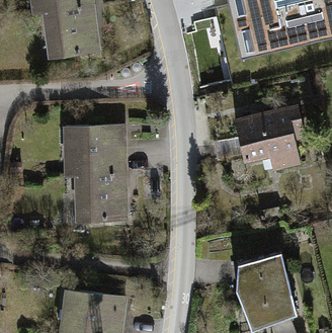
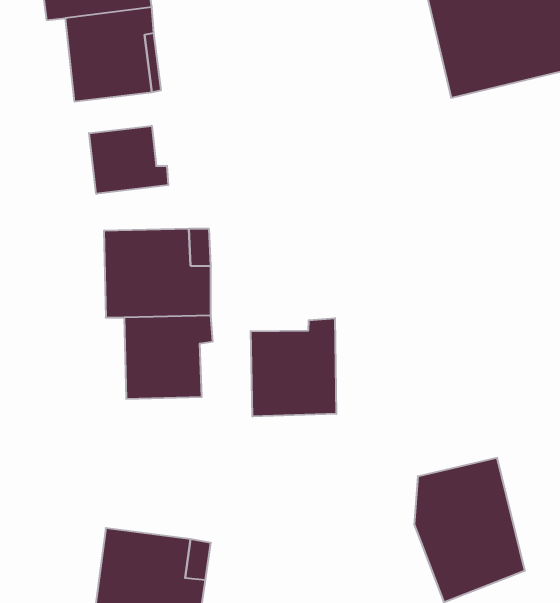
building: none -> [89,126,168,194]
building: [235,106,305,169] -> none
building: none -> [251,318,336,417]

